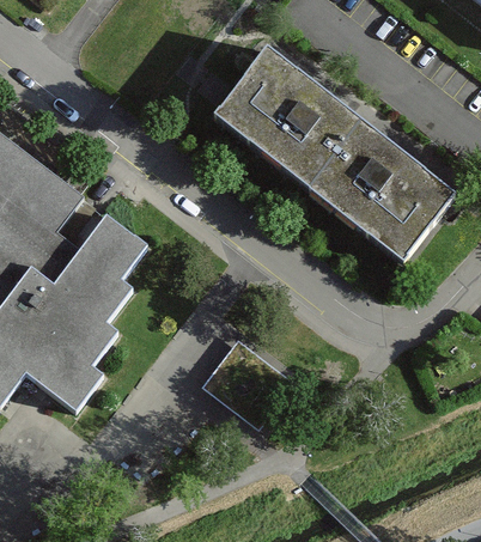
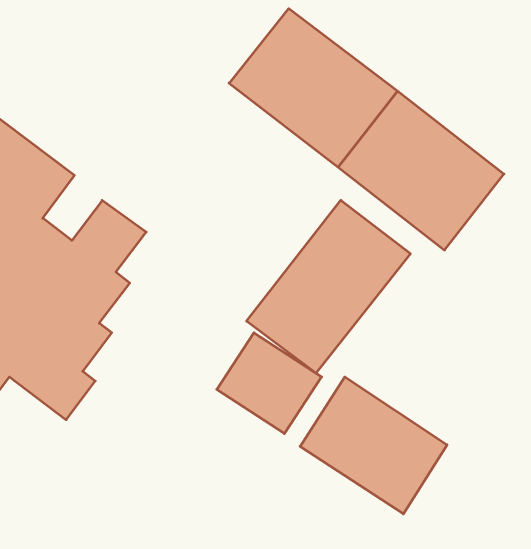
building: none -> [247,200,410,373]
building: none -> [300,377,447,514]

